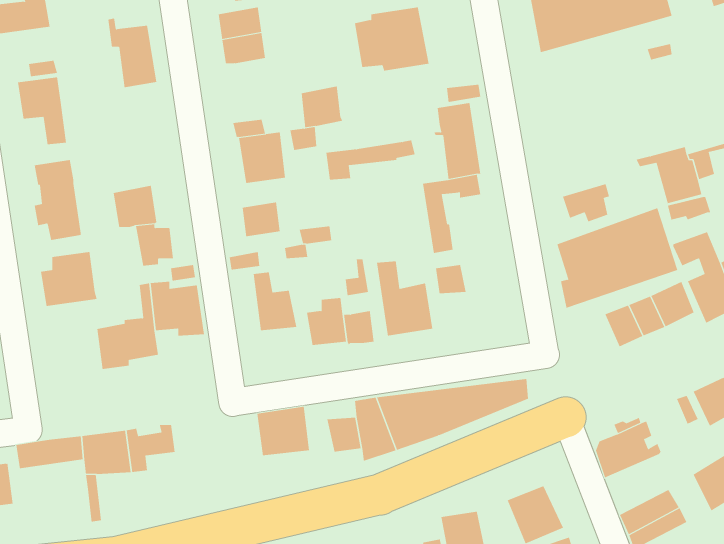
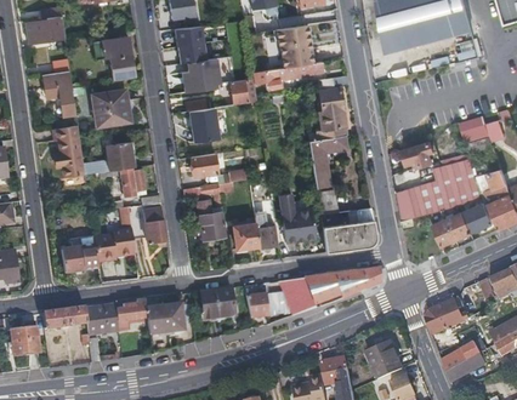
building: none -> [181,57,217,92]
building: none -> [95,88,130,125]
building: [325,140,416,180] -> [263,61,323,87]
building: [40,251,97,307] -> [62,236,100,273]
building: none -> [323,207,376,251]
building: none -> [146,305,183,336]

